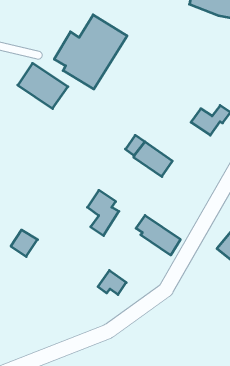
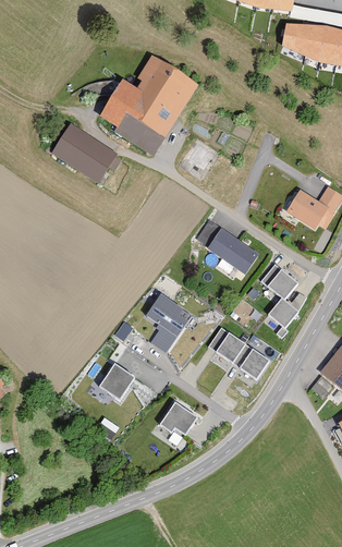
building: none -> [261,263,300,328]
building: [11,230,38,257] -> [99,364,135,400]

